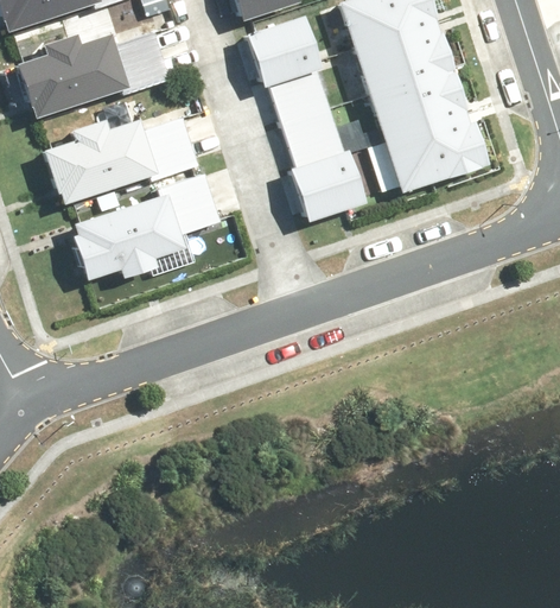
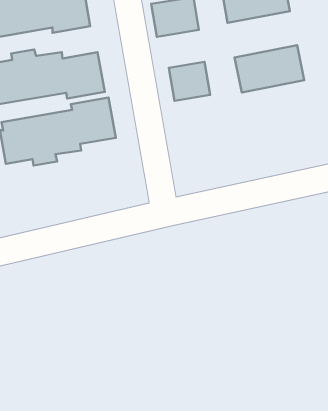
building: [356,26,452,97] -> none
building: [273,66,332,122] -> none
building: [387,115,482,186] -> none
building: [294,151,361,216] -> none

